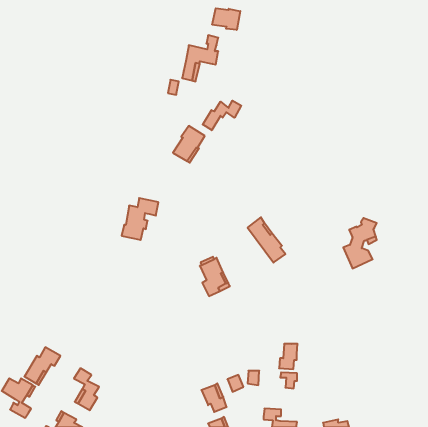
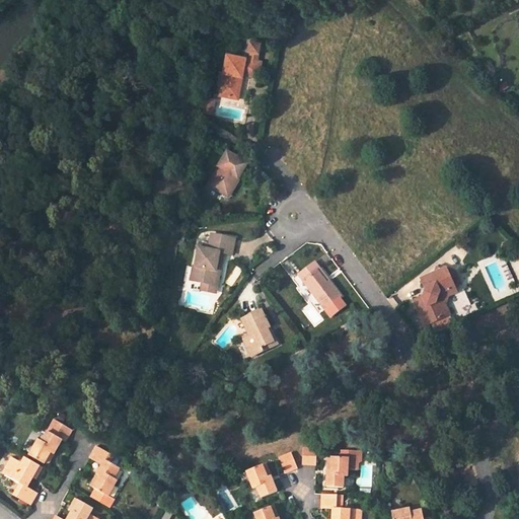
building: [212,8,240,30] -> none
building: [203,101,241,130] -> none
building: [122,198,158,240] -> [191,234,235,285]
building: [279,344,298,369] -> [323,456,346,487]

